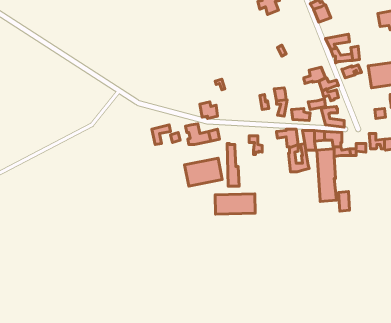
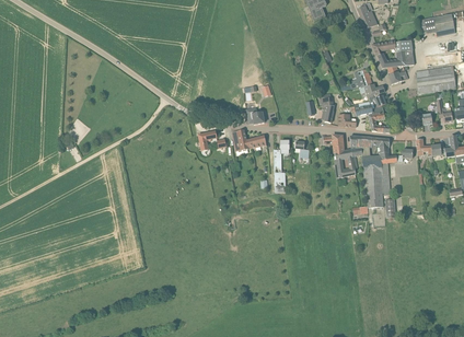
building: [185,158,222,186] -> none
building: [215,194,255,214] -> none

